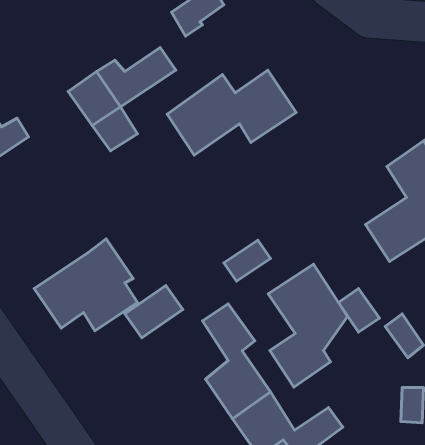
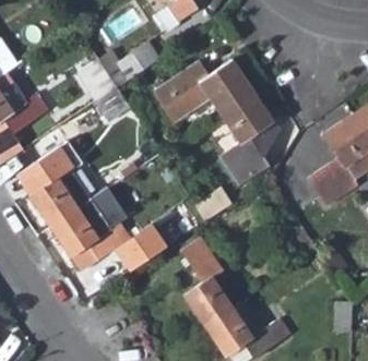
building: none -> [31,142,93,227]
building: [268,264,348,387] -> [218,92,280,186]

